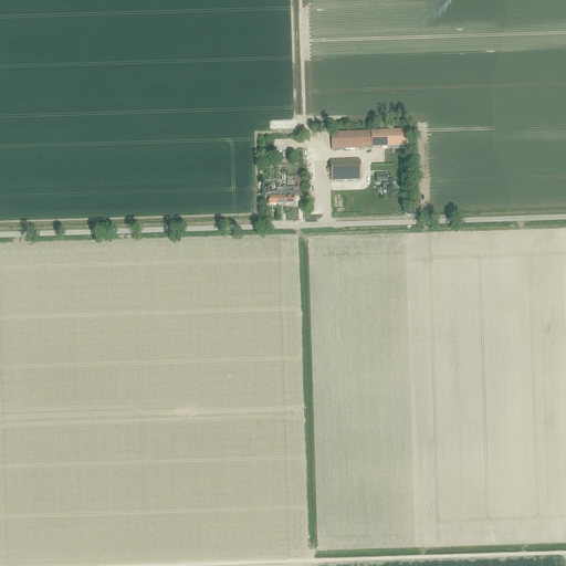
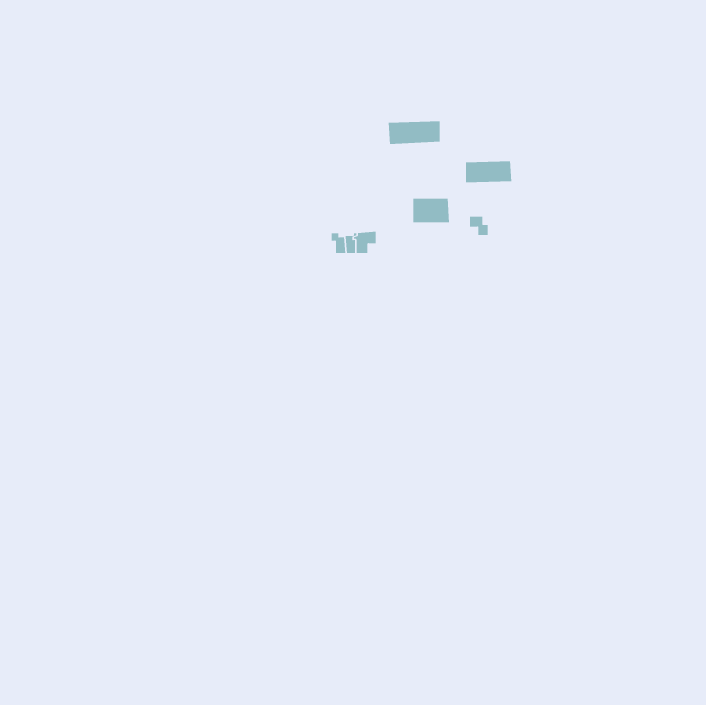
building: [329,129,371,148] -> [388,121,440,145]

